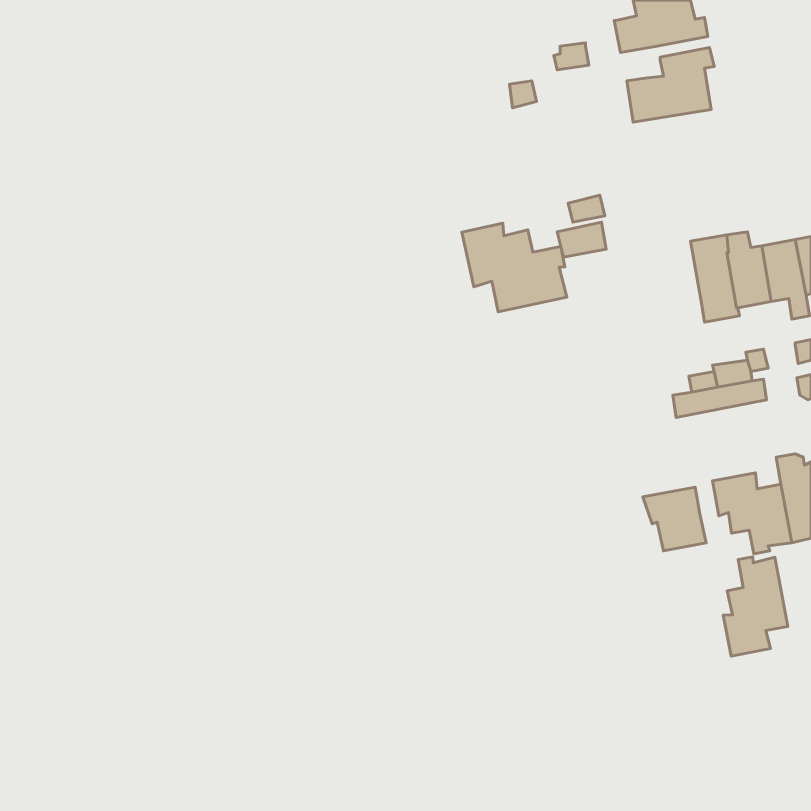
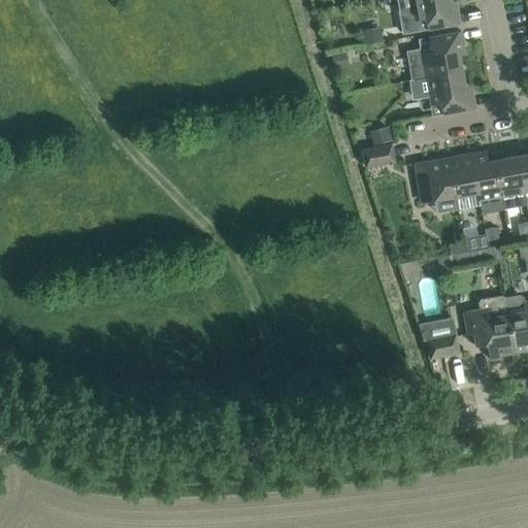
building: none -> [409,71,475,114]
building: [462,223,567,312] -> none
building: none -> [415,157,456,203]
building: [723,557,788,656] -> none

